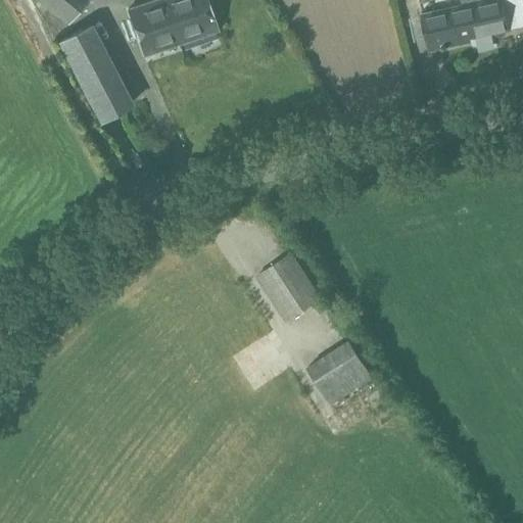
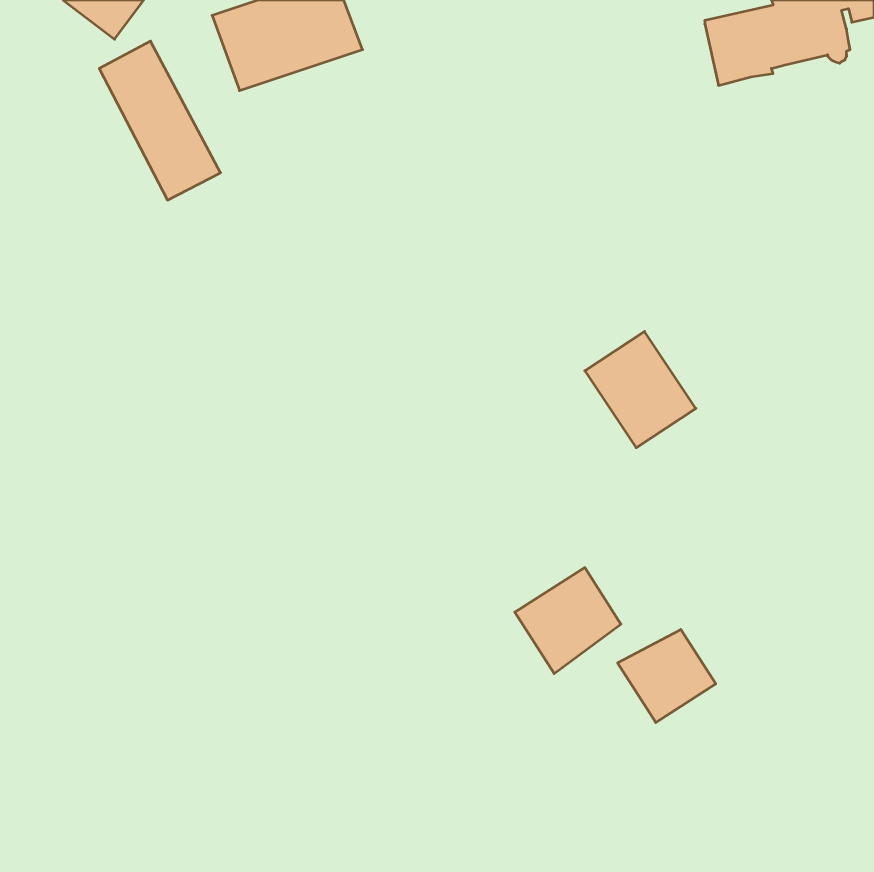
building: [255,252,322,322] -> [585,331,696,448]
building: none -> [618,629,716,723]

